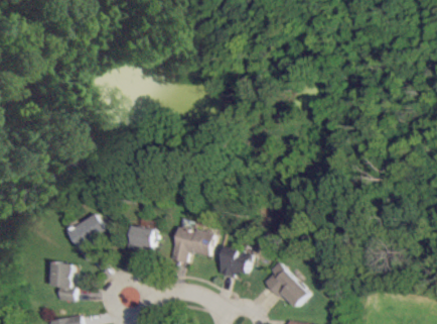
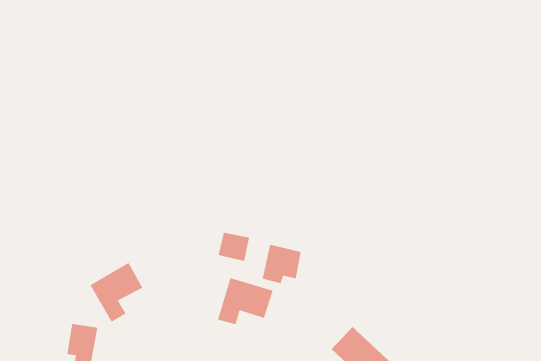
building: [134,225,159,248] -> [218,232,250,262]
building: [218,246,250,278] -> [262,244,302,284]

